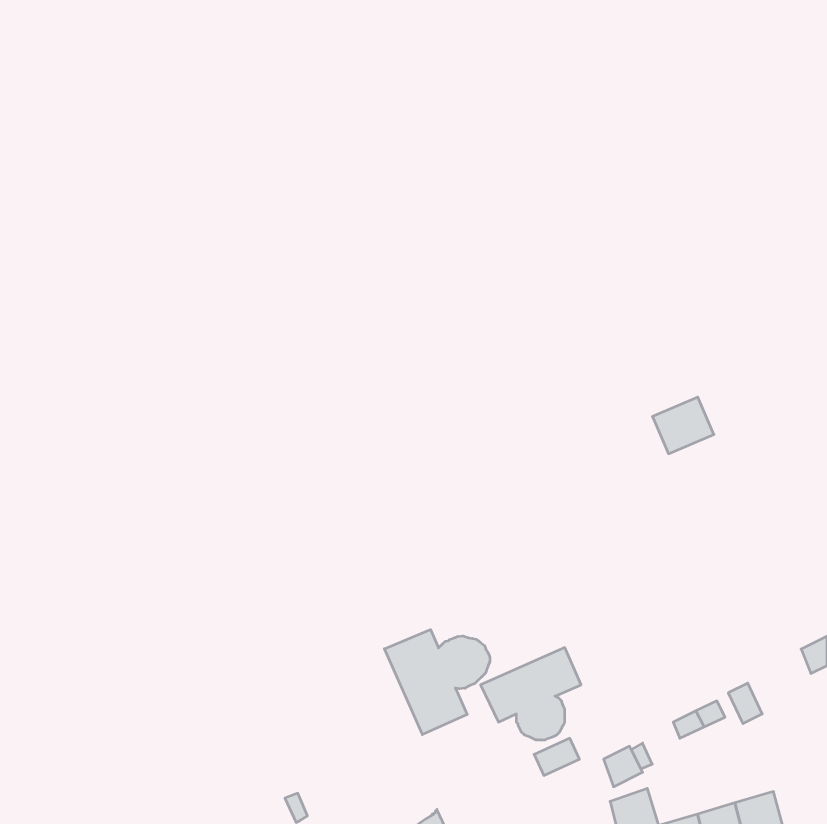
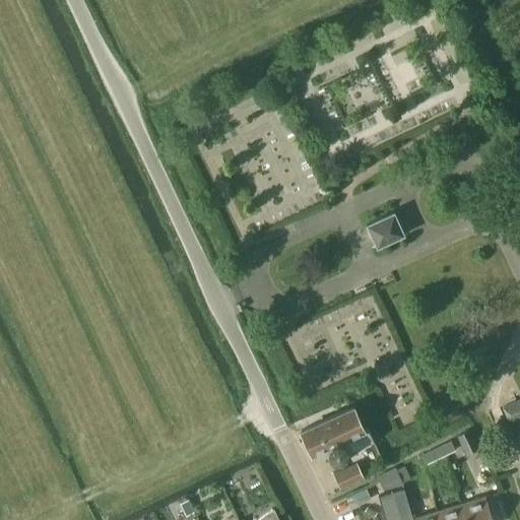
building: [652,397,714,454] -> [366,213,404,249]
building: [384,630,490,735] -> none

